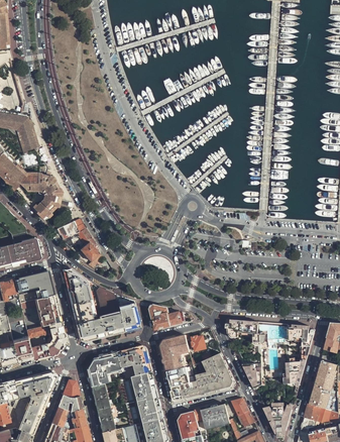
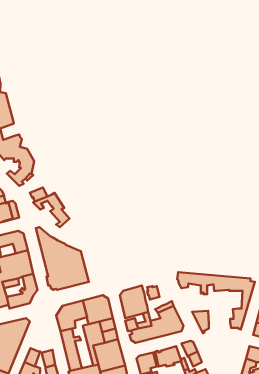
building: [115,295,139,330] -> none
building: [149,305,182,329] -> none
building: [58,379,83,411] -> none
building: [263,404,292,430] -> none

